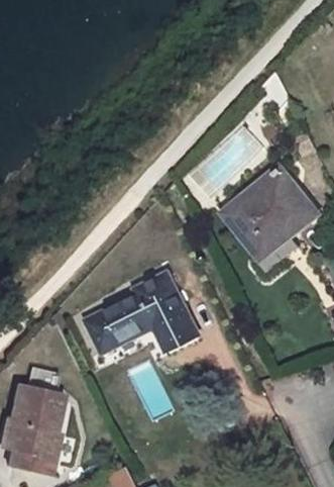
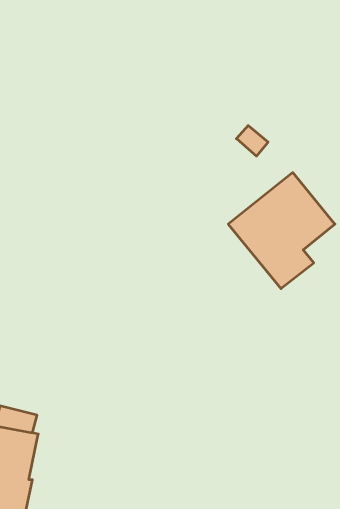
building: [88,274,196,351] -> none

